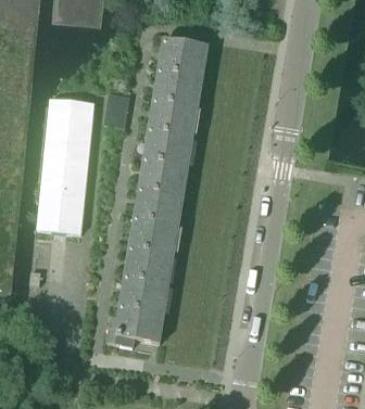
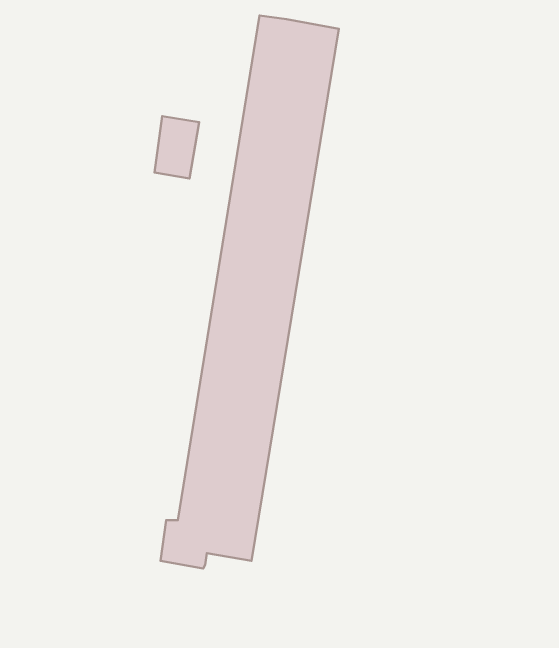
building: [36,99,92,233] -> none

